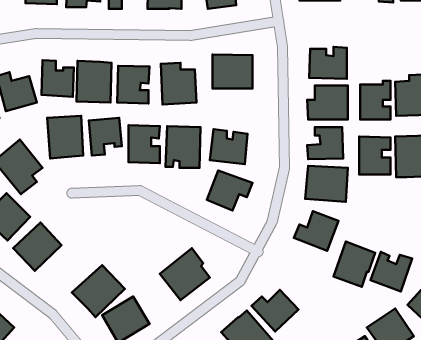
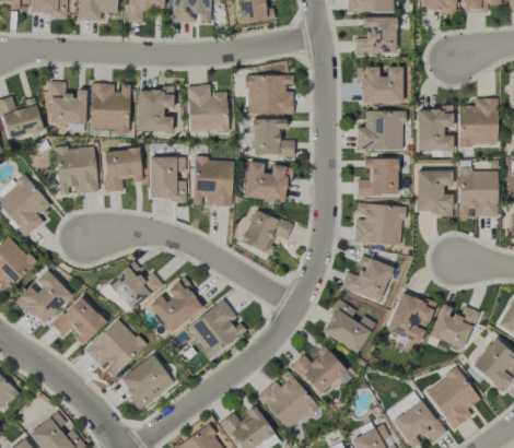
building: none -> [354,16,396,54]
building: none -> [253,118,294,156]
building: none -> [107,262,163,310]
building: none -> [149,278,205,332]
building: none -> [51,296,106,344]
building: none -> [320,299,375,353]

